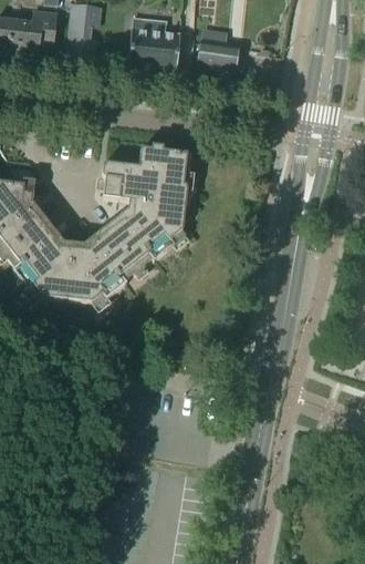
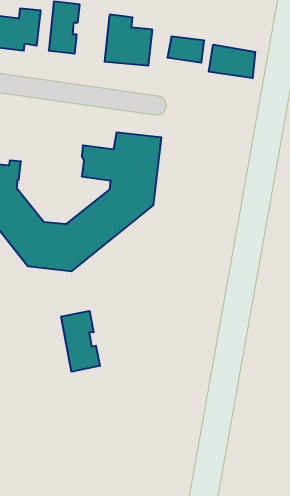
building: none -> [209,45,255,78]
building: none -> [61,311,100,372]

